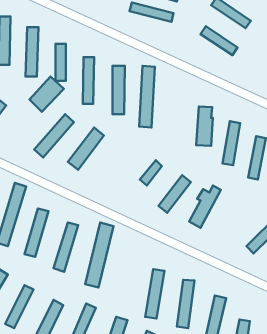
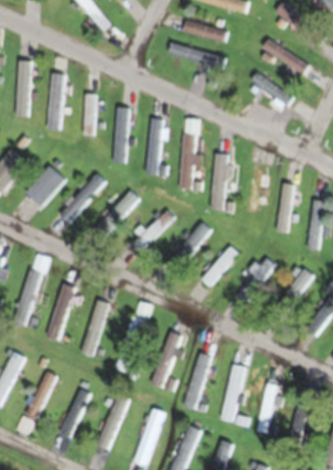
building: [29,77,64,112] -> [24,166,64,207]
building: none -> [211,154,228,211]
building: none -> [136,209,172,256]
building: none -> [279,267,313,310]
building: none -> [152,331,183,389]

